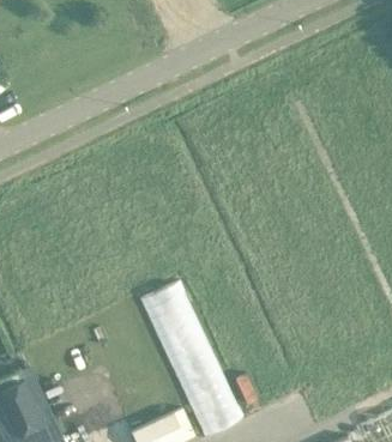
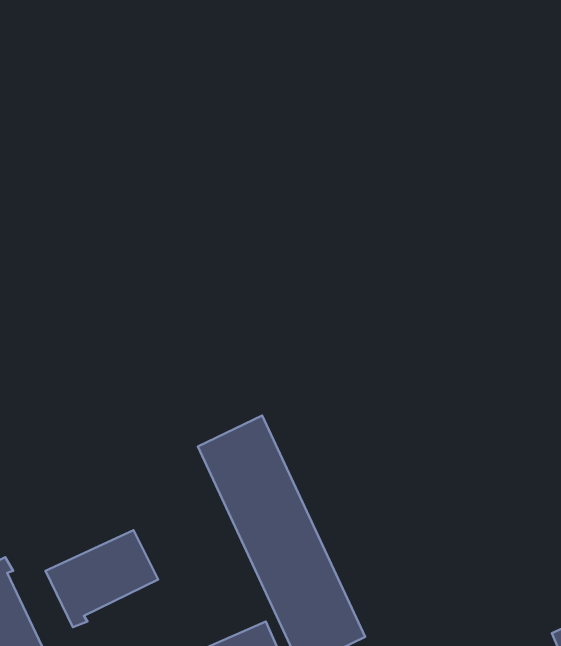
building: none -> [46,530,158,627]

